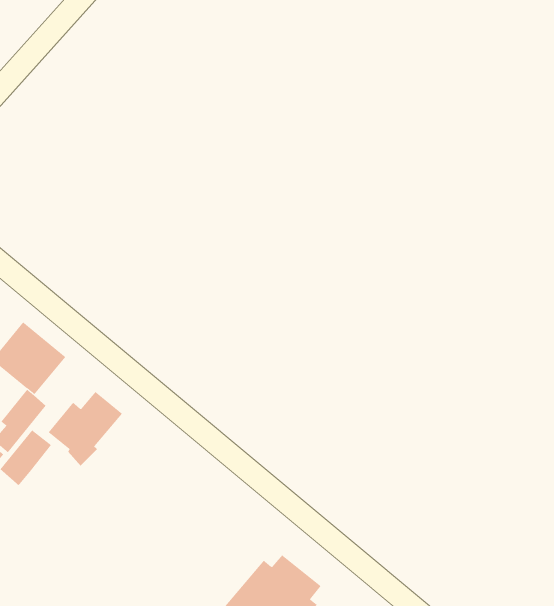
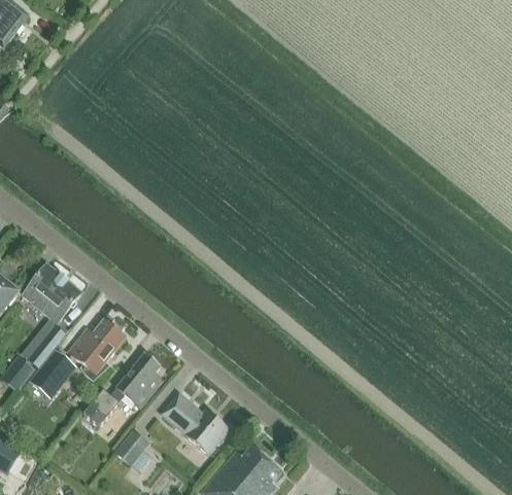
building: none -> [83,354,163,427]
building: none -> [162,394,229,454]
building: none -> [112,429,147,466]

